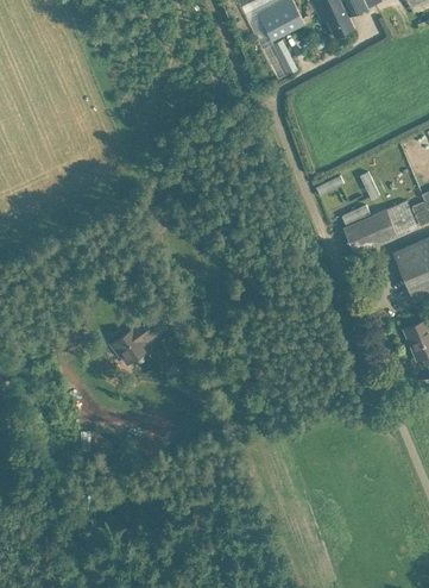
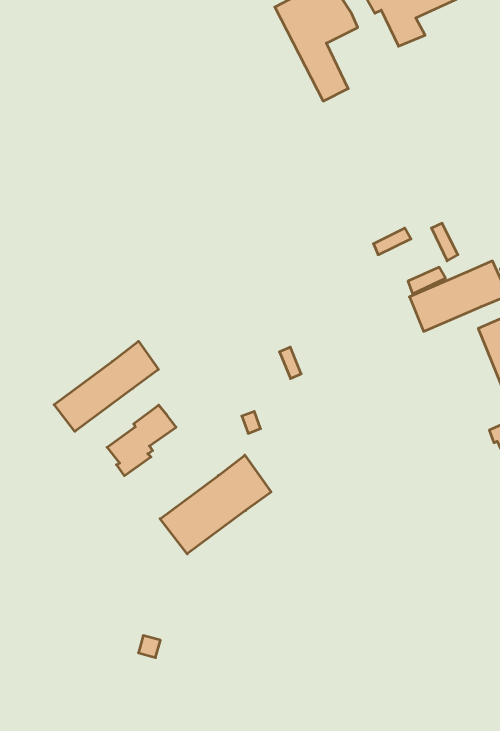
building: none -> [54,341,158,431]
building: none -> [160,455,271,554]

